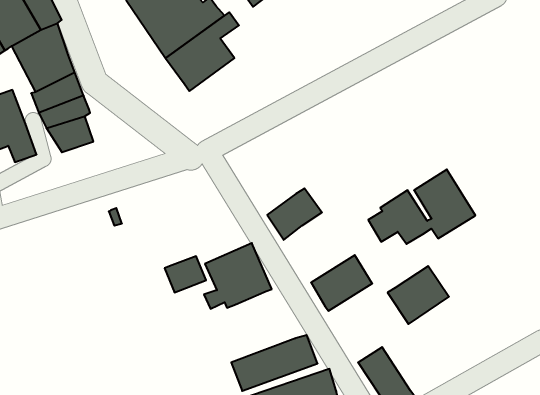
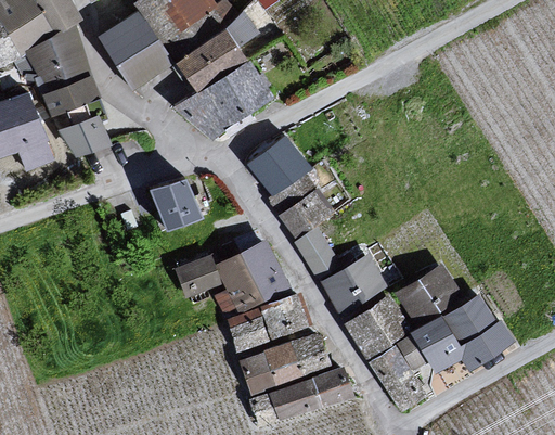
building: none -> [102,14,167,86]
building: none -> [182,61,269,133]
building: none -> [250,138,310,209]
building: [368,169,475,244] -> [401,294,507,368]
building: none -> [156,181,197,226]
building: none -> [296,227,336,276]
building: none -> [262,294,310,335]
building: none -> [349,300,408,355]
building: none -> [229,309,267,348]

